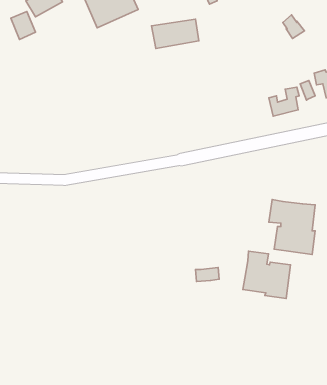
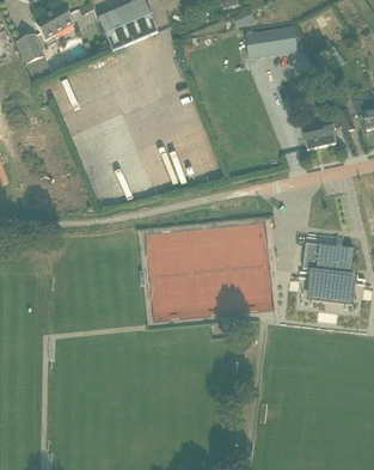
building: [151,19,199,48] -> [243,26,295,59]
building: [243,251,290,298] -> none

